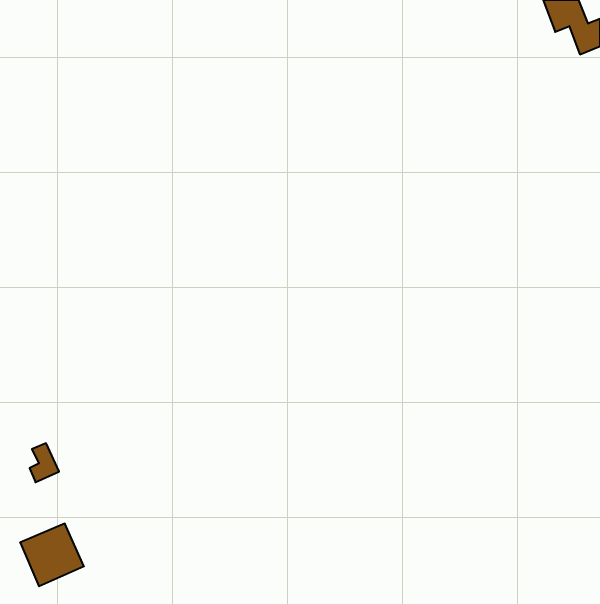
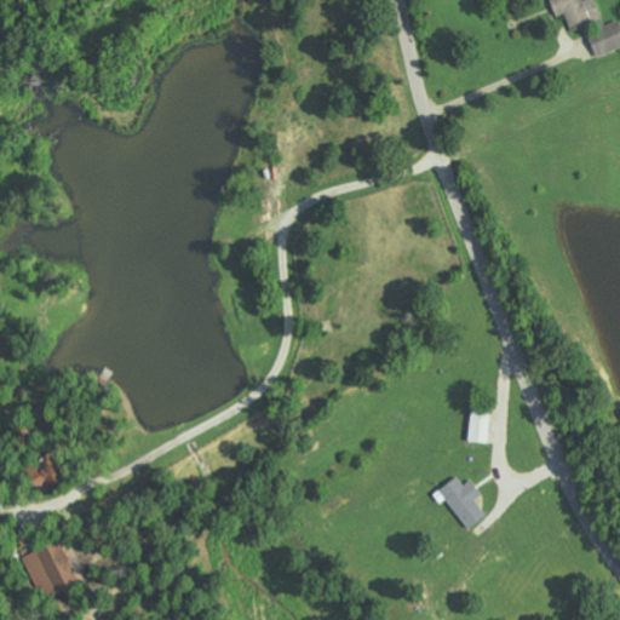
building: none -> [467,409,488,443]
building: none -> [436,472,484,529]

